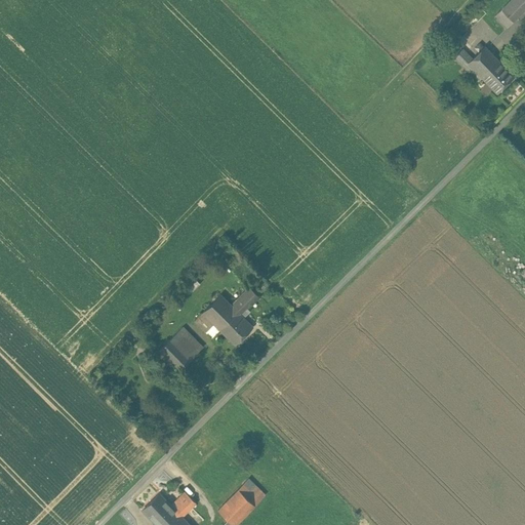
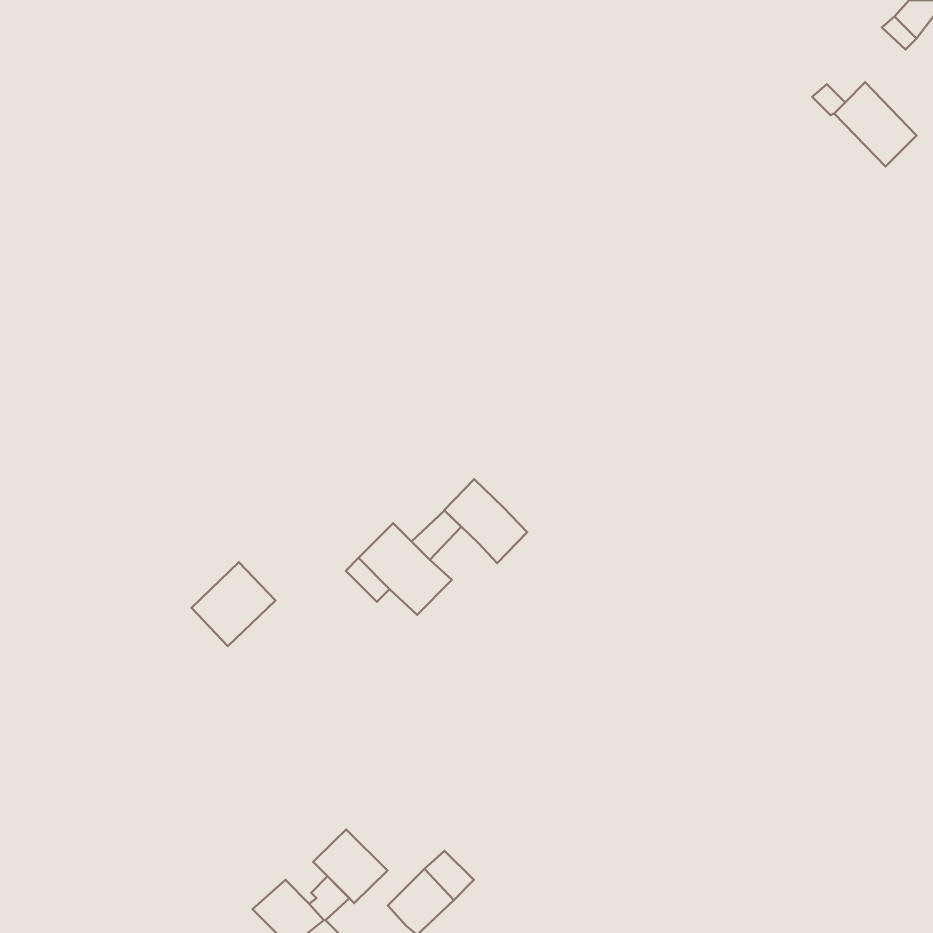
building: none -> [444,479,527,563]
building: [157,326,204,373] -> [191,562,275,646]
building: none -> [313,829,387,903]

